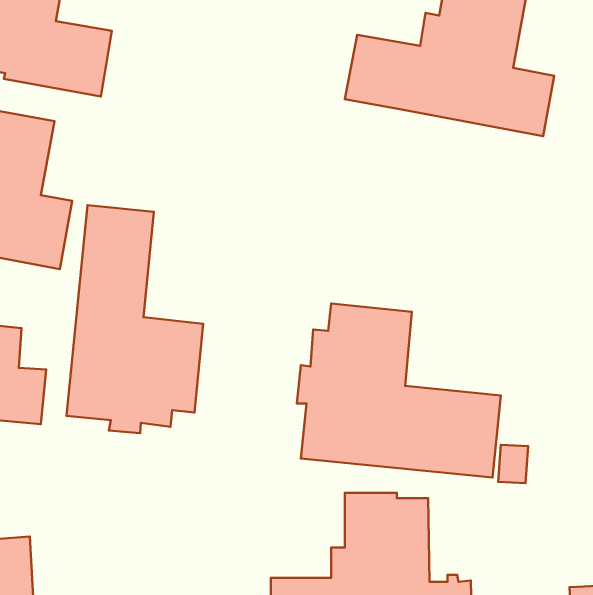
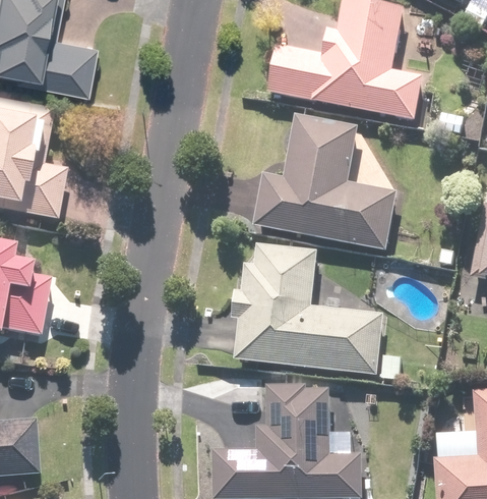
building: none -> [253,115,398,251]
building: [67,205,203,433] -> none

